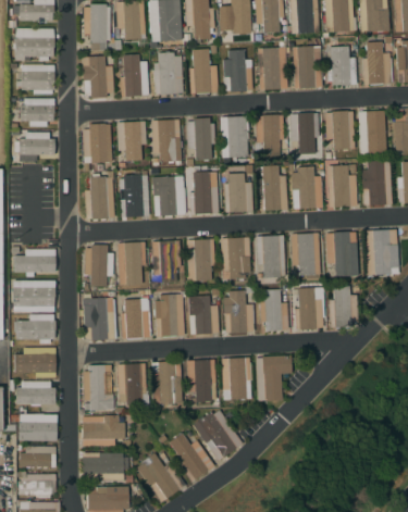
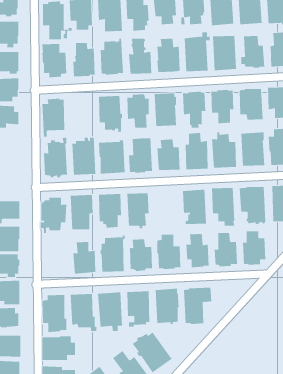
building: [115,121,146,161] -> none
building: [220,237,250,279] -> none
building: [83,298,114,340] -> none

